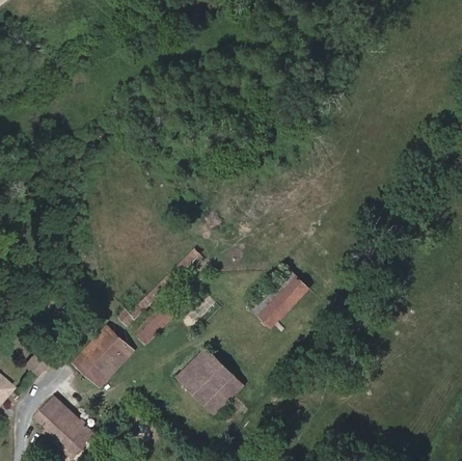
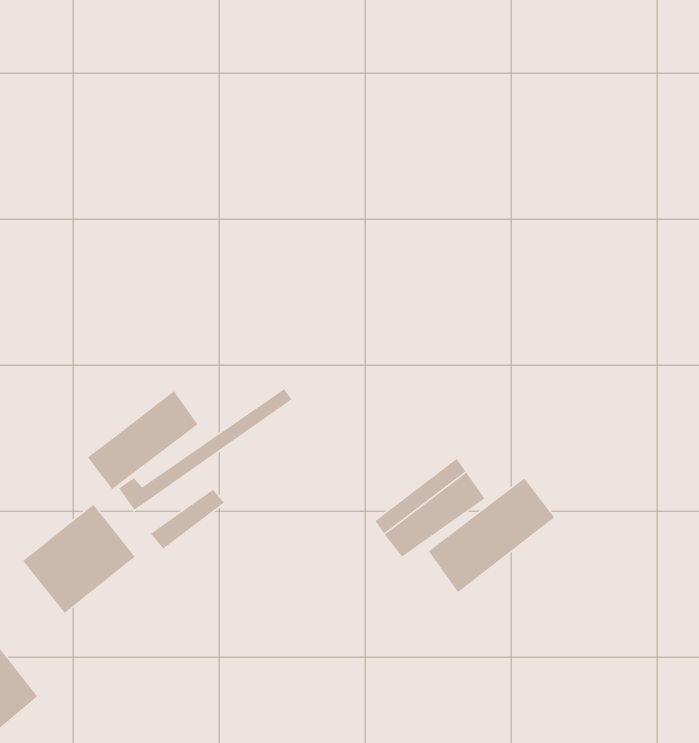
building: none -> [87,390,199,490]
building: none -> [428,477,555,593]
building: [179,348,244,413] -> none

